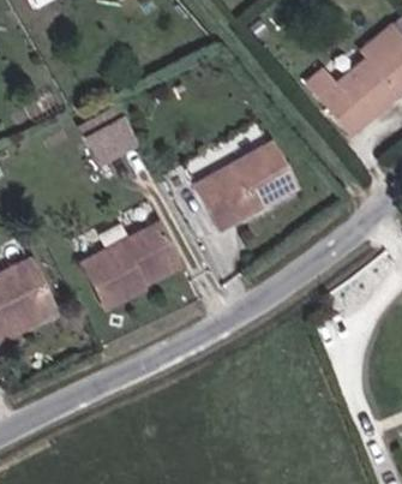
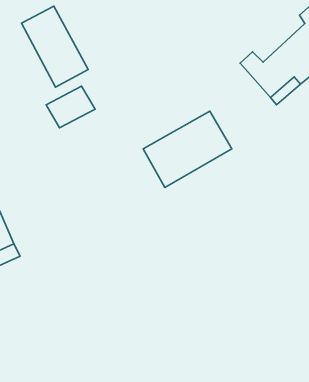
building: none -> [22,6,88,87]
building: [78,216,178,304] -> none

